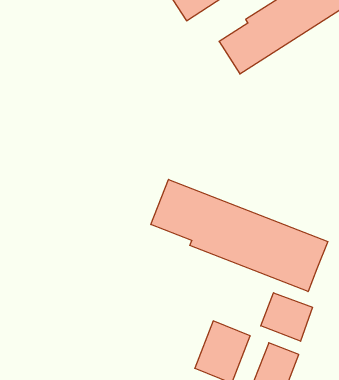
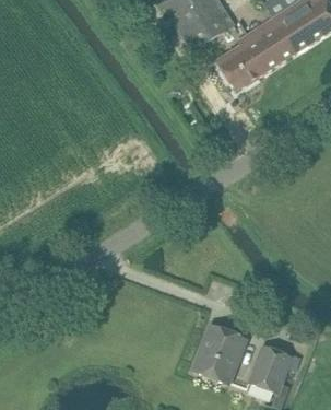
building: [151,179,328,292] -> none
building: [261,293,312,341] -> none

